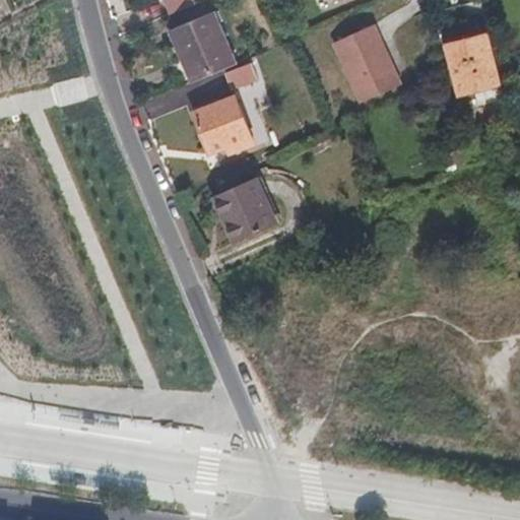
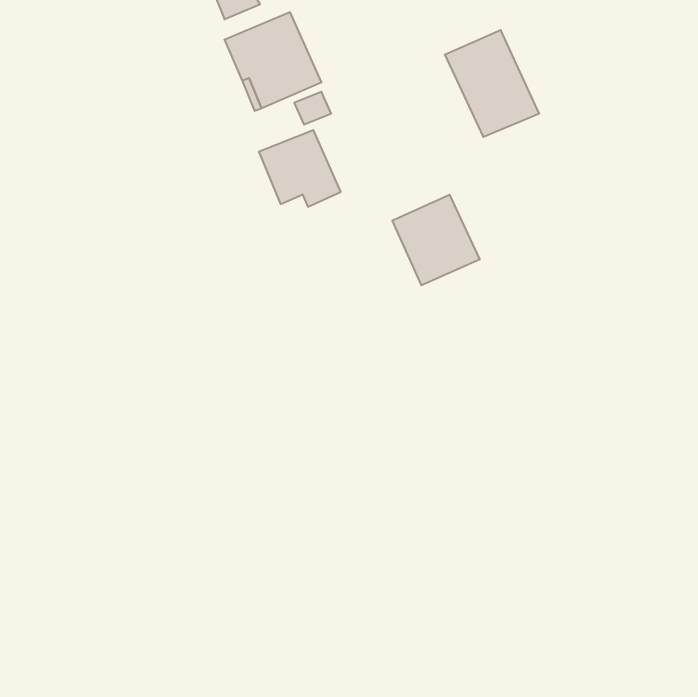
building: [449,35,500,93] -> none
building: [211,176,276,243] -> [392,195,480,285]

